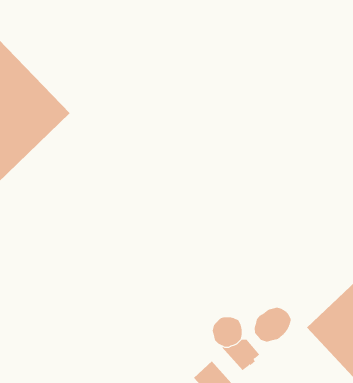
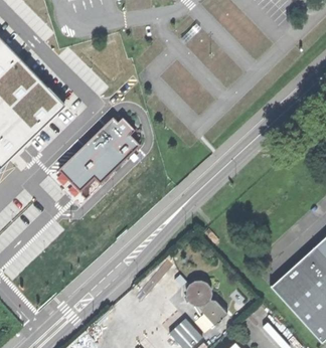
building: none -> [57,117,140,193]
building: [254,307,291,343] -> none

